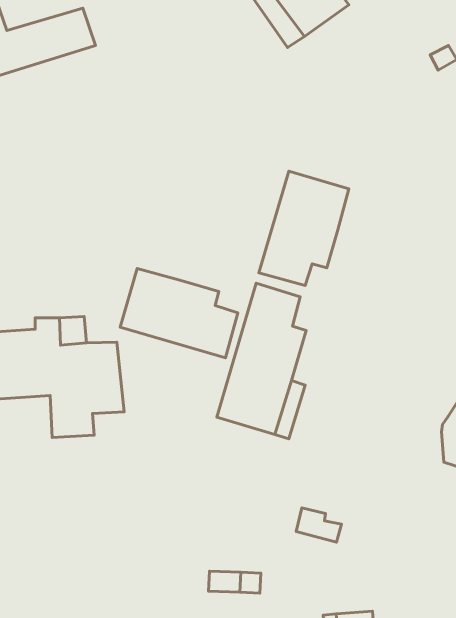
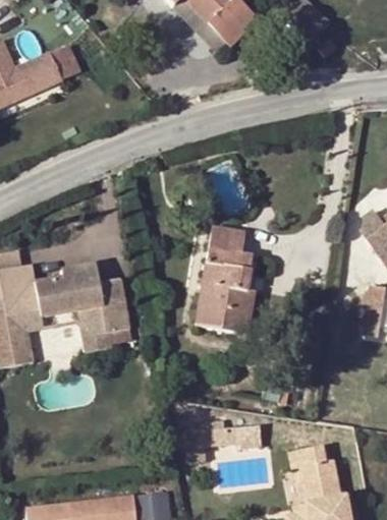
building: [259,171,349,286] -> none
building: [120,268,238,358] -> none

